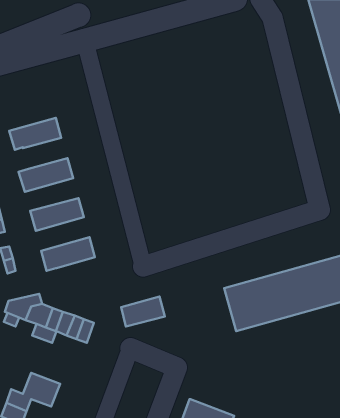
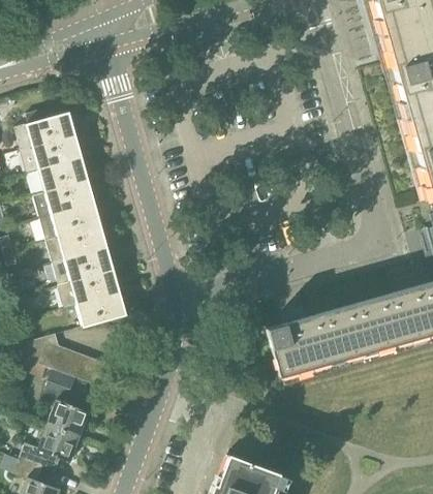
building: none -> [17,113,75,150]
building: none -> [38,158,89,193]
building: none -> [40,204,101,241]
building: none -> [53,248,114,286]
building: [121,296,165,326] -> [76,294,126,328]
building: none -> [42,382,90,437]

